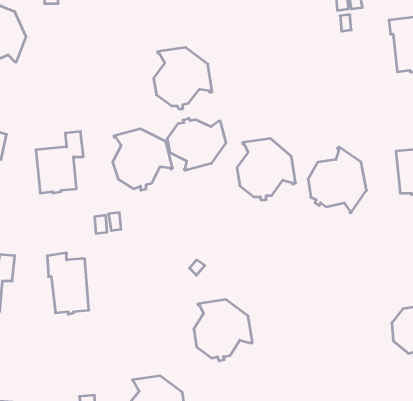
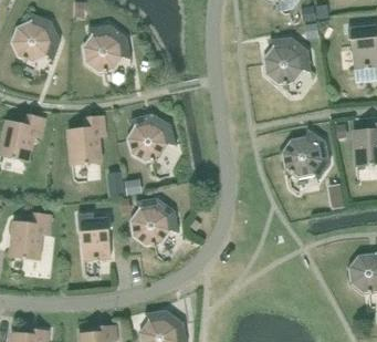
building: [154,47,212,109] -> [84,23,130,72]
building: [167,118,226,170] -> none
building: [237,138,296,200] -> [264,35,311,84]
building: [194,300,252,361] -> [132,197,178,246]

